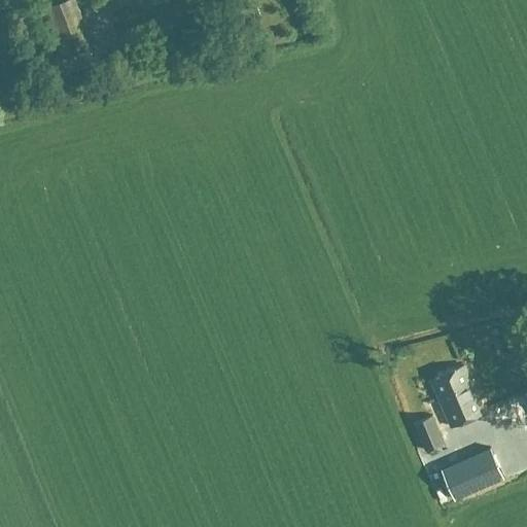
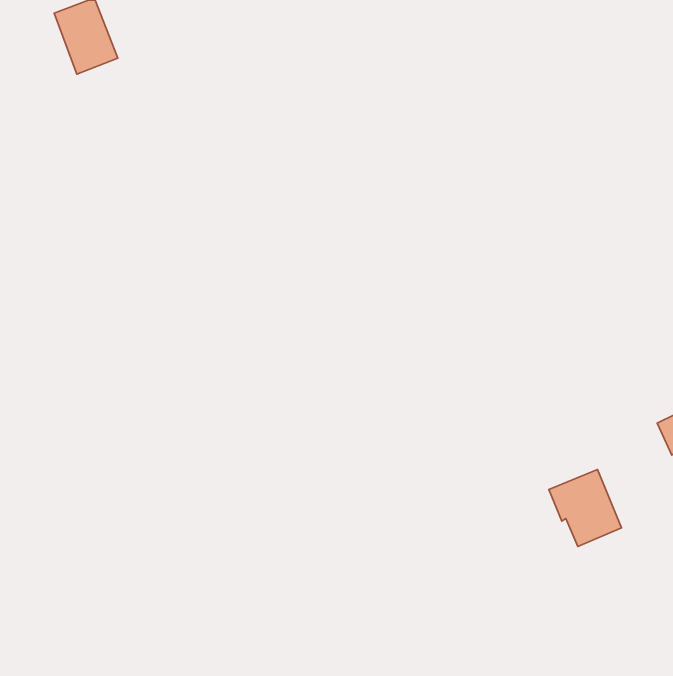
building: [413,416,444,451] -> none
building: [442,449,504,500] -> none

